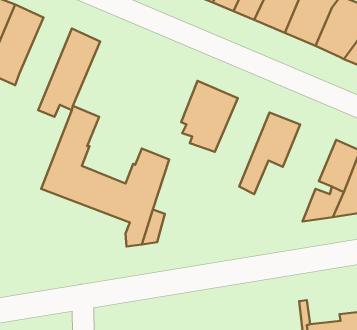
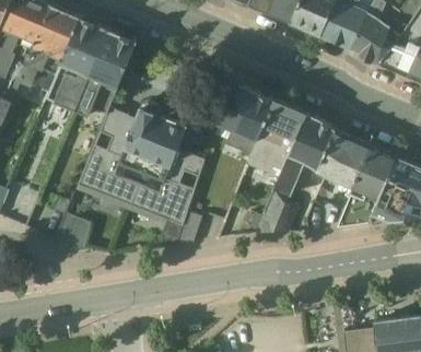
building: none -> [55,21,107,114]
building: none -> [247,102,305,177]
building: none -> [117,107,187,187]
building: none -> [318,128,372,185]
building: none -> [256,193,301,236]
building: none -> [51,215,91,253]

